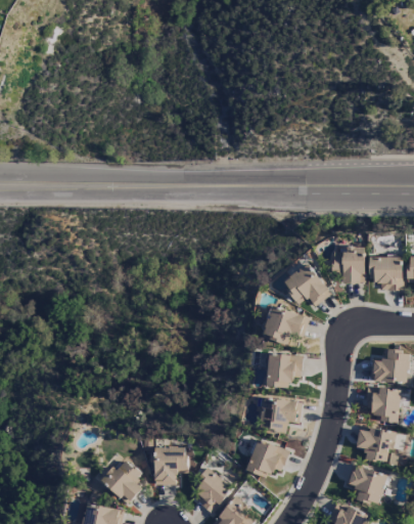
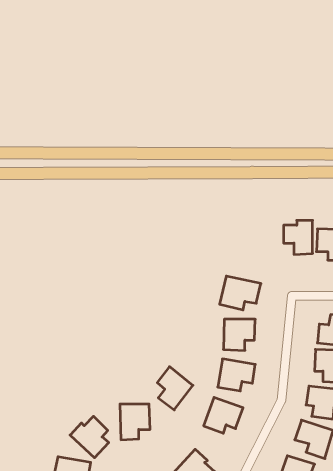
building: [283,263,332,307] -> none
building: [194,467,233,514] -> [157,367,193,410]

